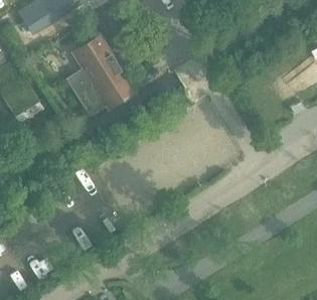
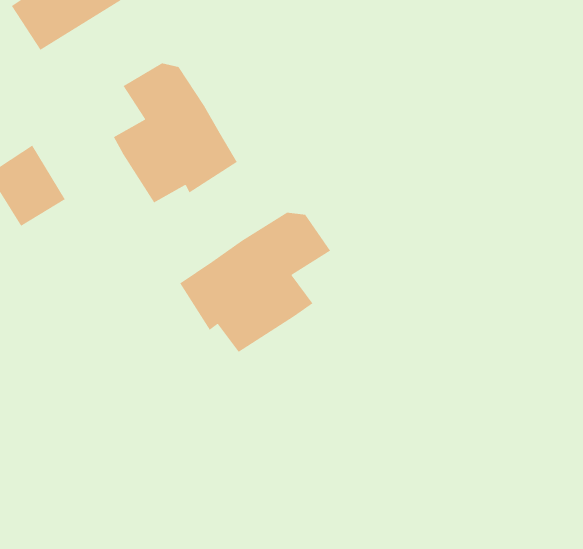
building: none -> [179,212,331,353]

